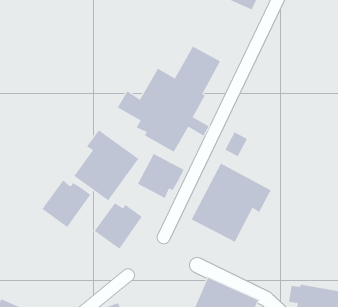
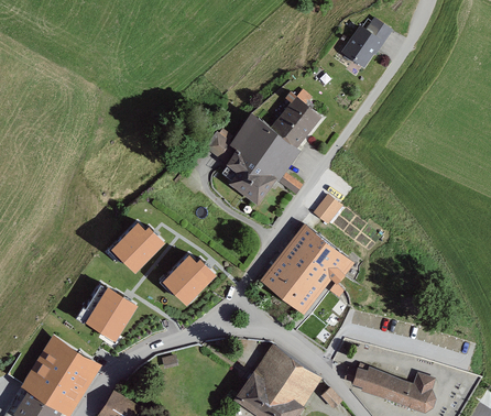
building: [73,130,139,201] -> none
building: [137,153,185,199] -> none
building: none -> [81,282,134,337]

